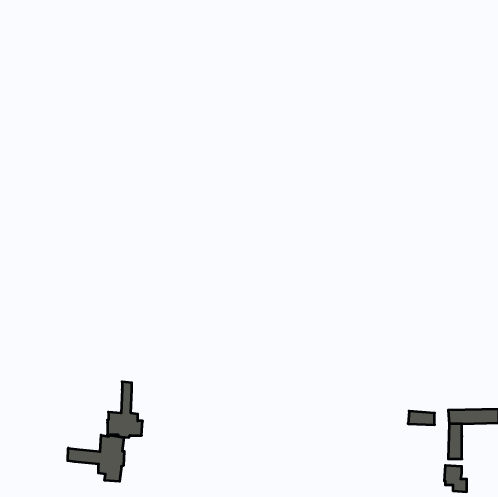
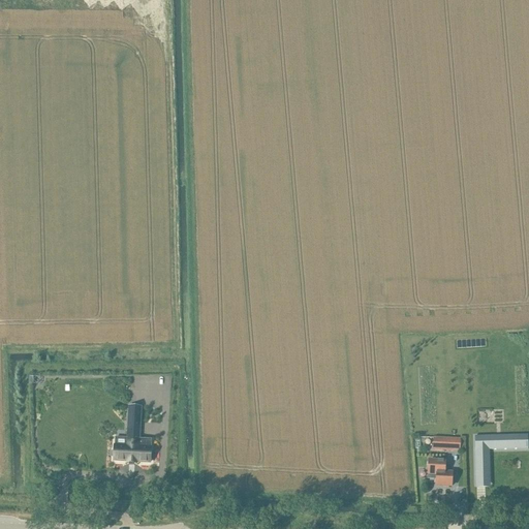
building: [68,435,124,481] -> none
building: [444,465,467,492] -> [428,457,452,485]

